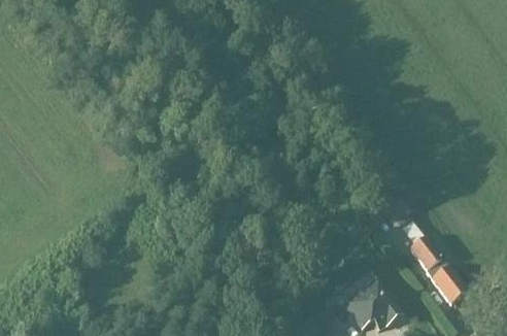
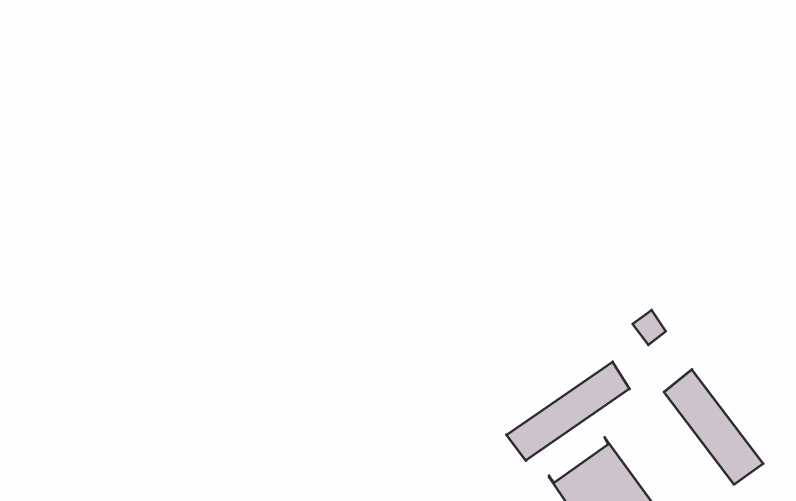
building: none -> [506,362,630,461]

